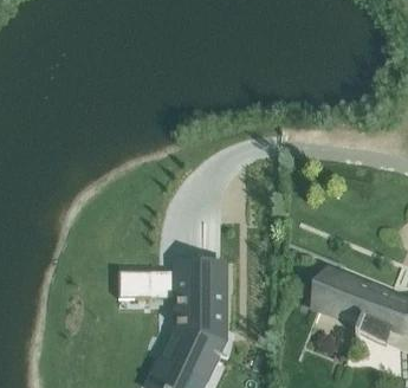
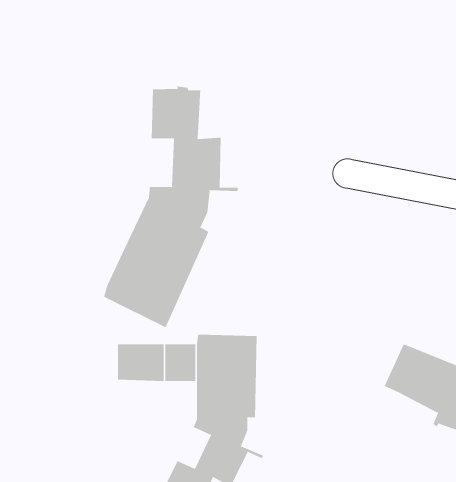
building: none -> [103,86,238,328]

